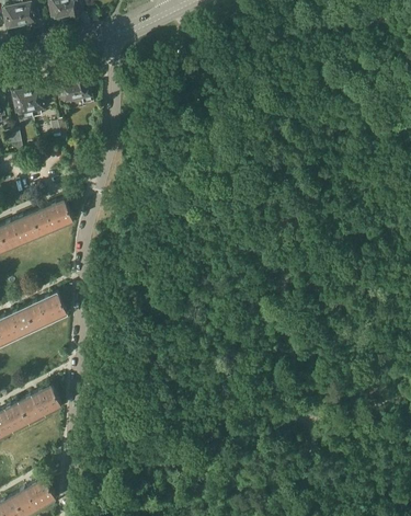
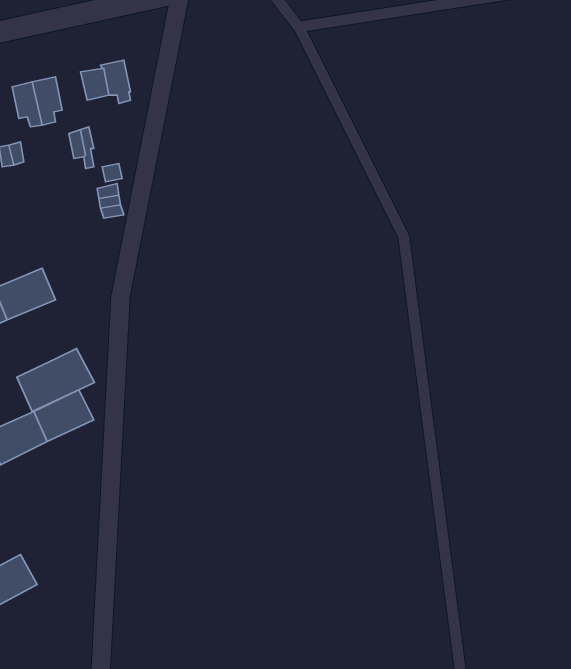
building: [33,200,72,234] -> none
building: none -> [17,348,95,411]
building: [19,386,61,422] -> none

